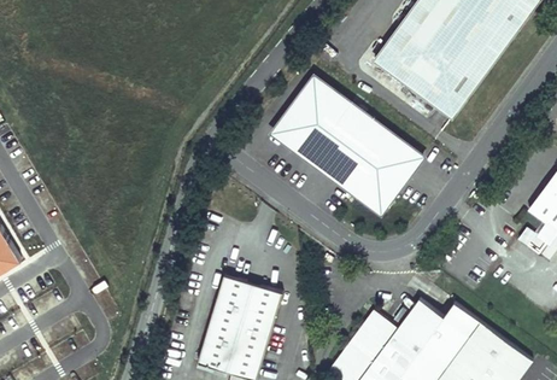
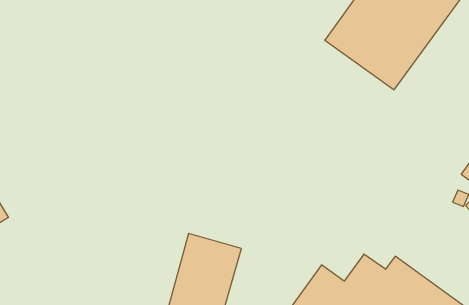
building: [271,74,422,206] -> none

